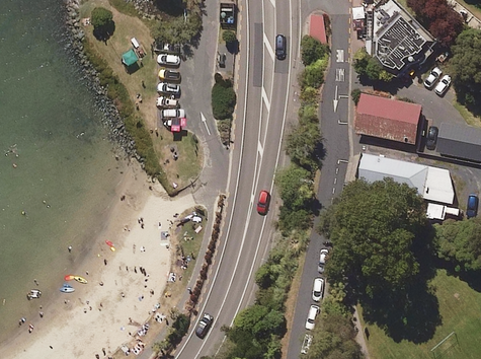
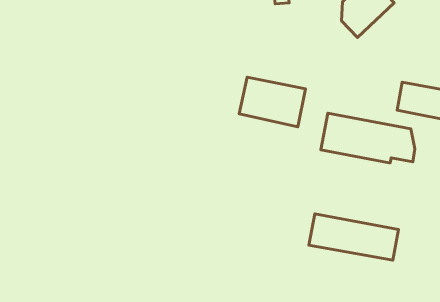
building: [353,89,421,140] -> [239,77,306,127]
building: none -> [309,214,399,260]

